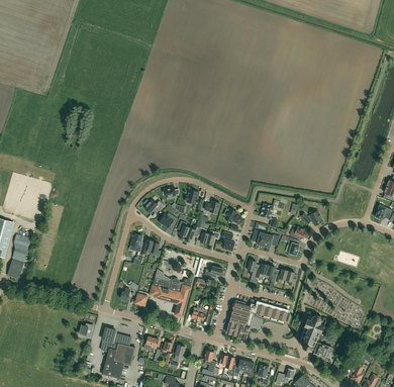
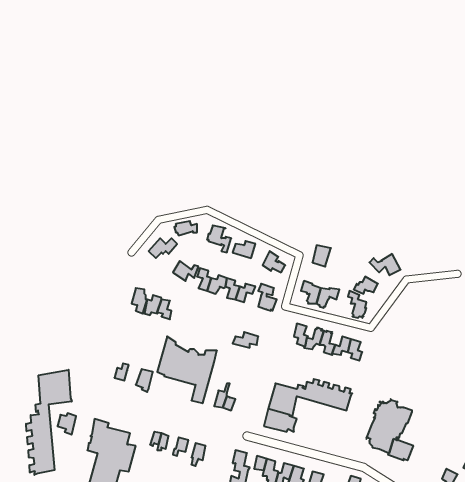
building: none -> [26,370,72,475]

